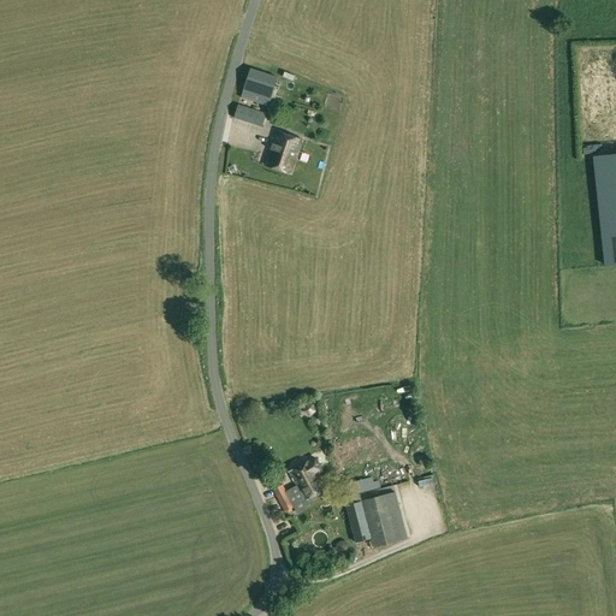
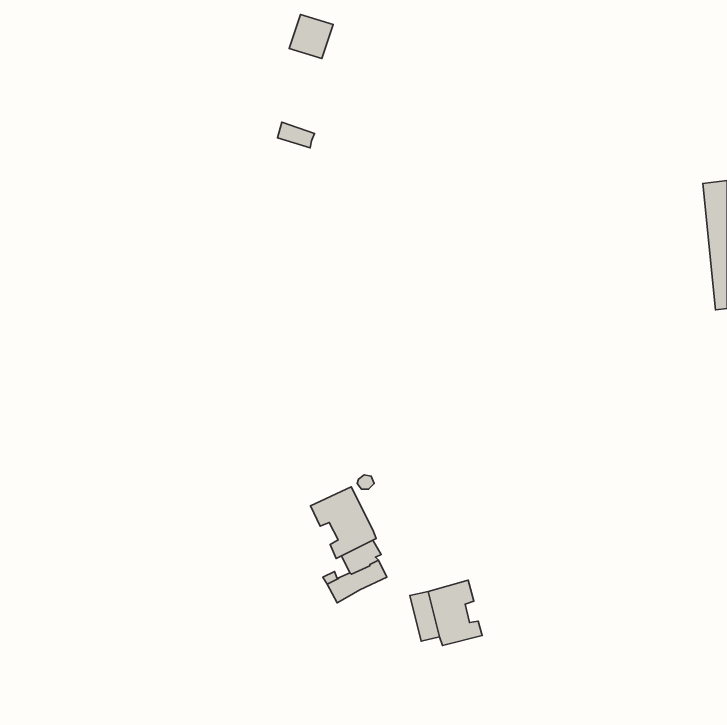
building: [241,67,278,105] -> [289,14,333,59]
building: [266,130,302,172] -> none
building: none -> [310,487,376,558]

